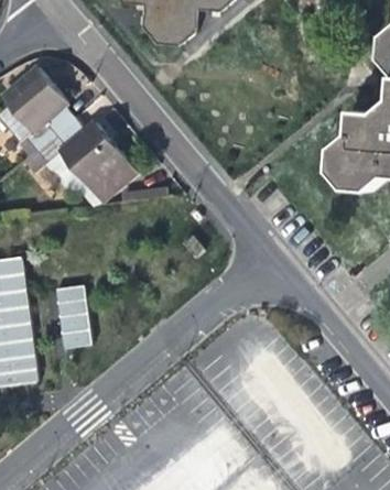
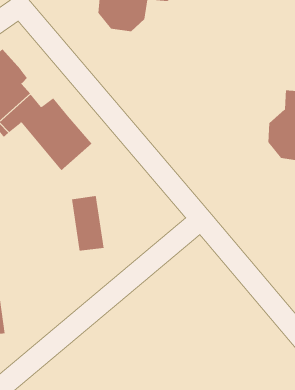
building: [56,286,94,349] -> [71,195,104,251]

